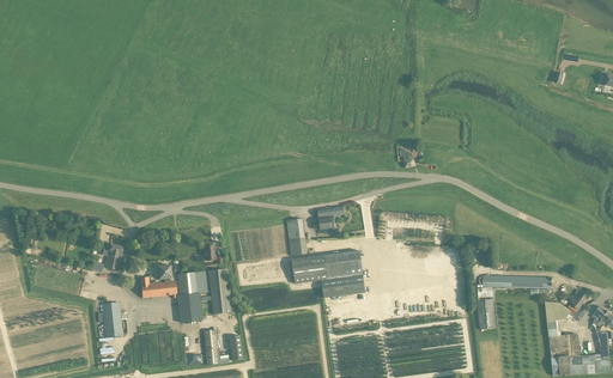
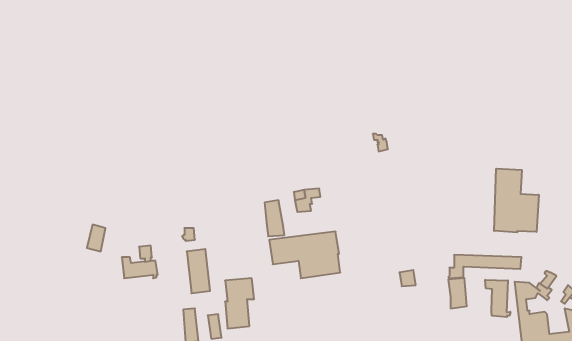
building: none -> [494,169,539,232]
building: [176,270,206,322] -> [225,278,254,328]
building: none -> [485,280,510,317]
building: [101,301,121,336] -> none

